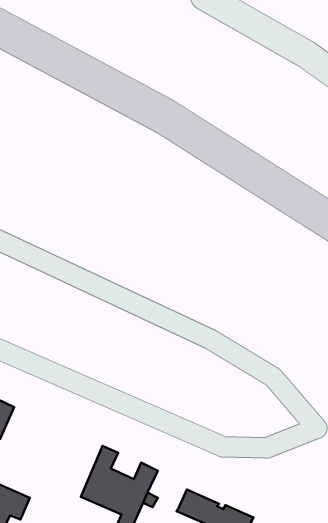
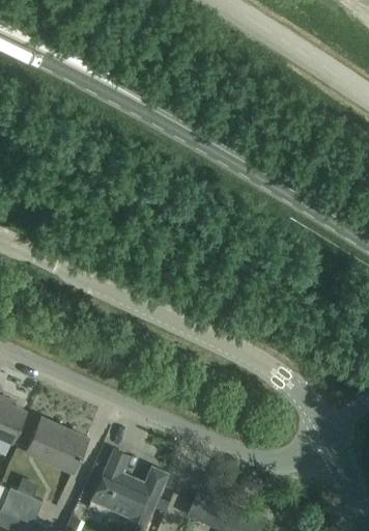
building: none -> [26,418,88,473]

